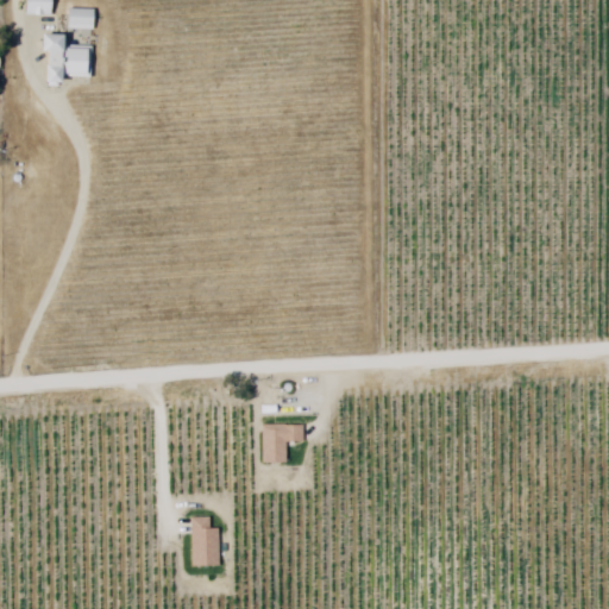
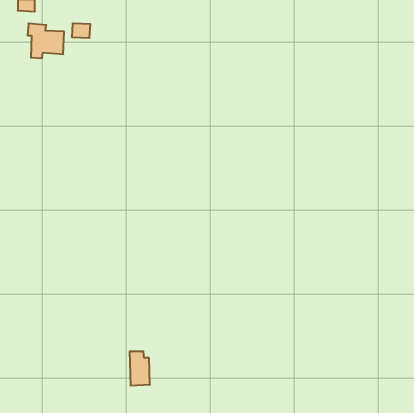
building: [68,10,95,31] -> [72,23,90,38]
building: [263,422,304,462] -> none

